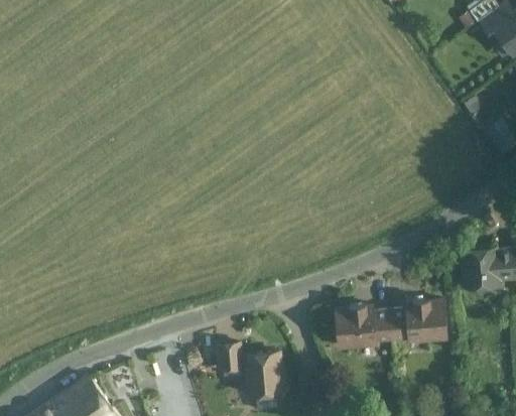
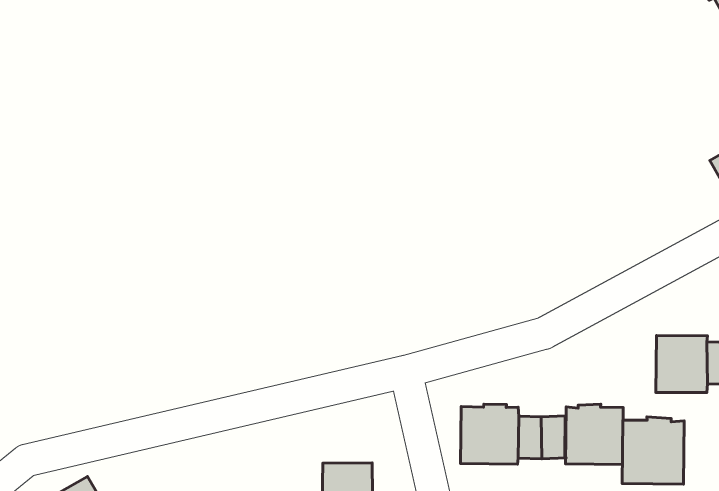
building: none -> [622,417,684,484]
building: [220,344,244,371] -> none

